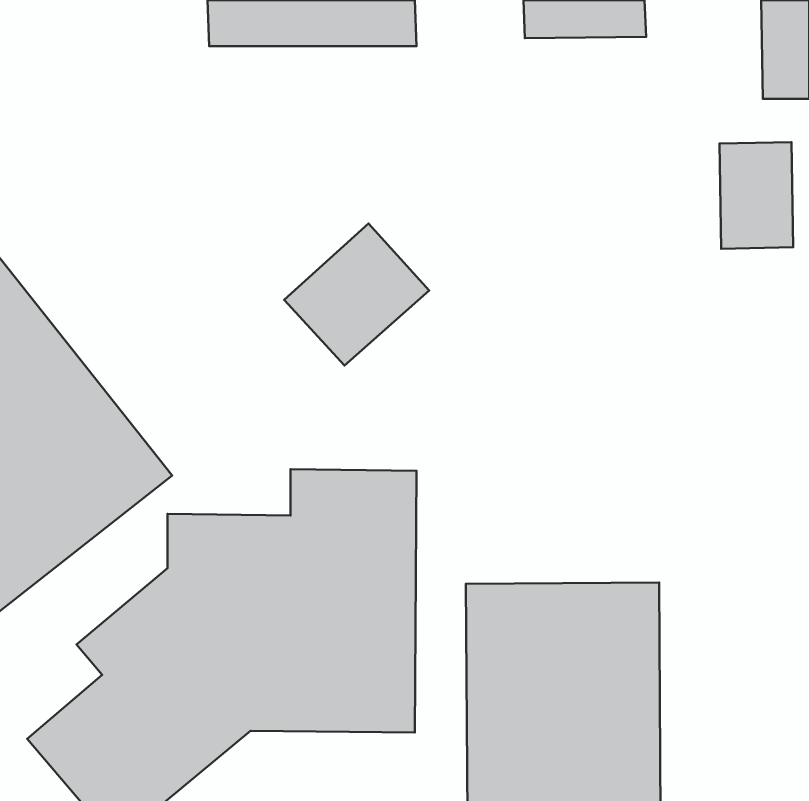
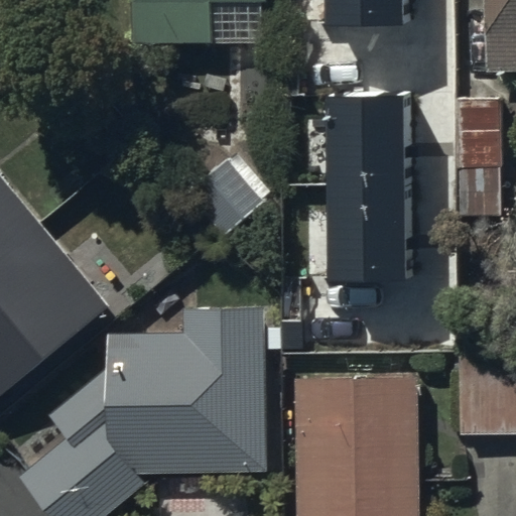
building: none -> [333,105,412,291]

